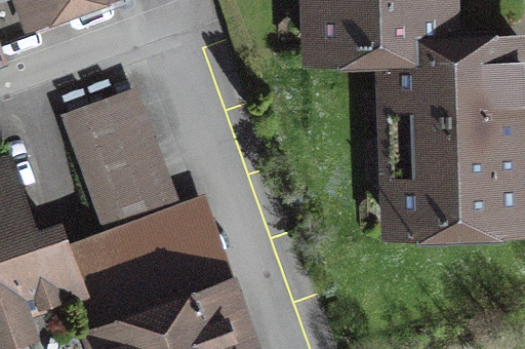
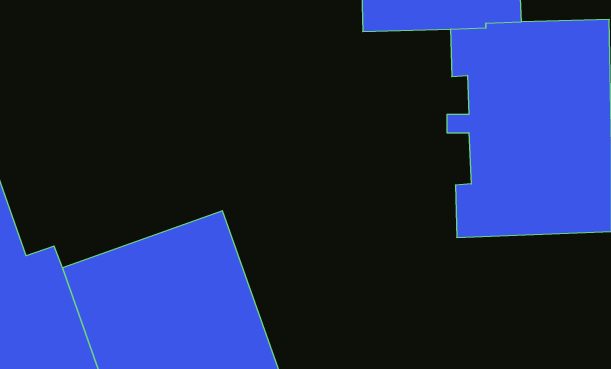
building: [68,91,168,216] -> none

